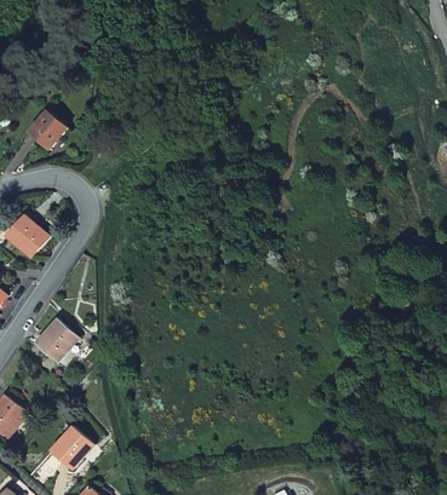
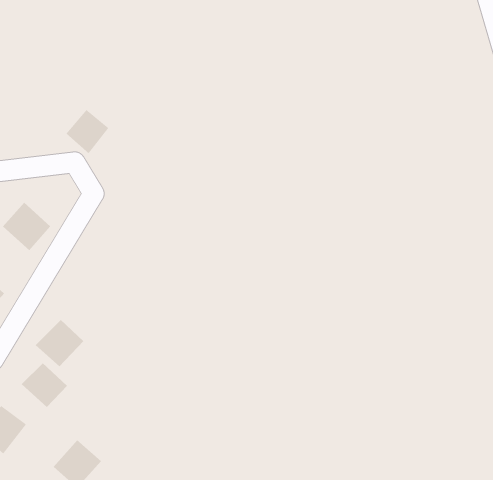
building: [28,110,67,150] -> [66,109,109,154]
building: none -> [21,362,68,408]

